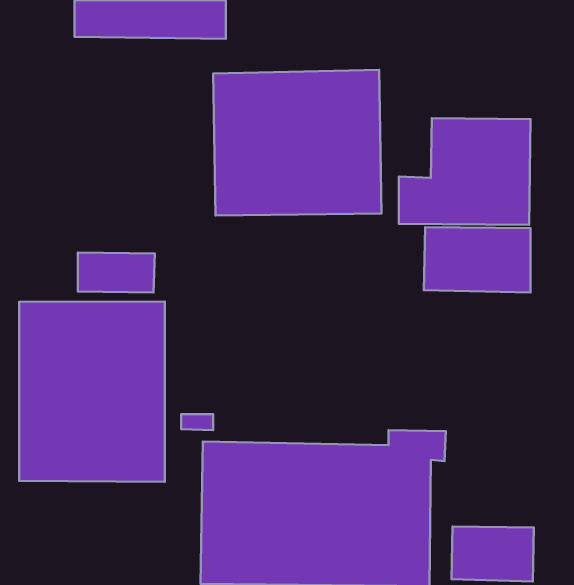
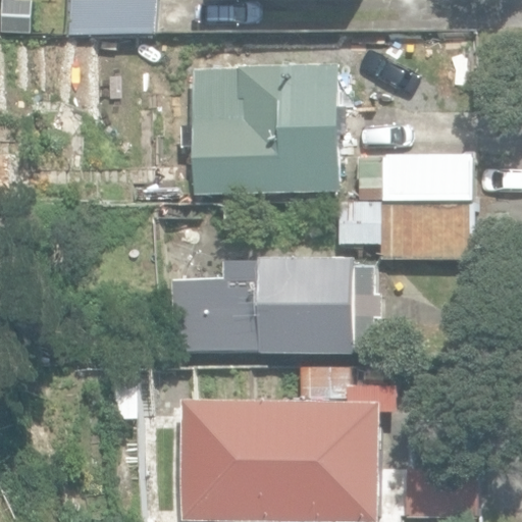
building: none -> [167,261,377,354]
building: [19,301,165,482] -> none

